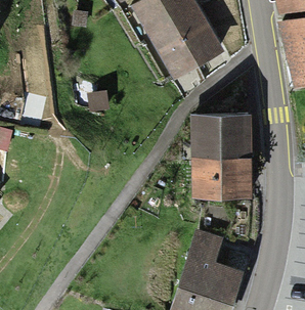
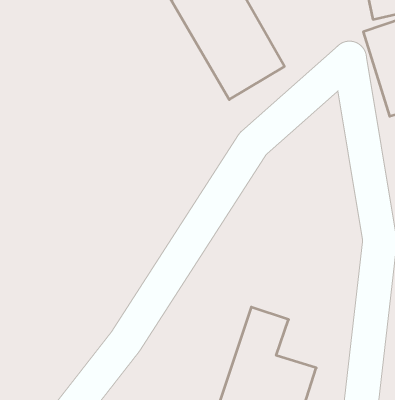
building: [192,119,247,197] -> none

